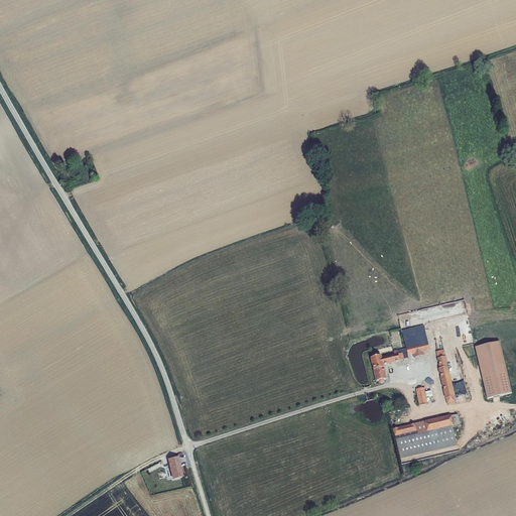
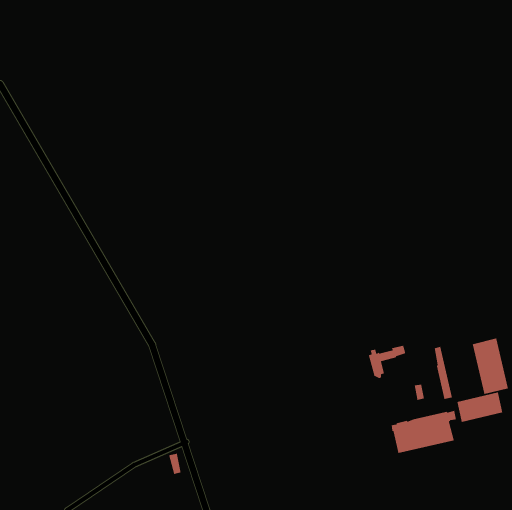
building: [401,324,429,356] -> none
building: none -> [456,392,503,423]

